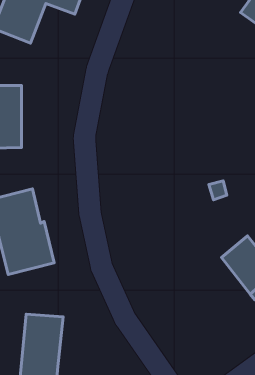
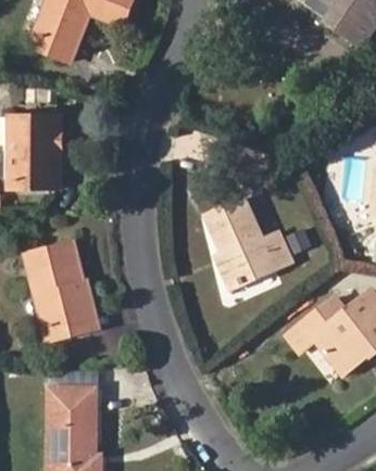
building: none -> [201,195,292,291]

